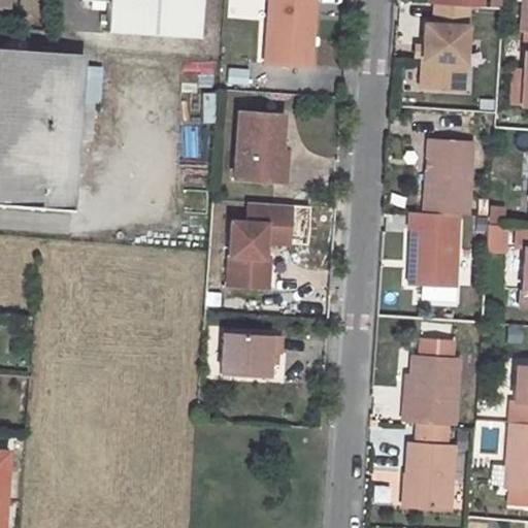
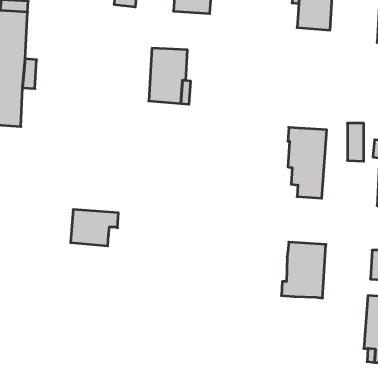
building: [425,138,474,214] -> none
building: [229,202,292,288] -> none
building: [225,332,285,377] -> [71,210,118,246]
building: [404,422,453,508] -> none

